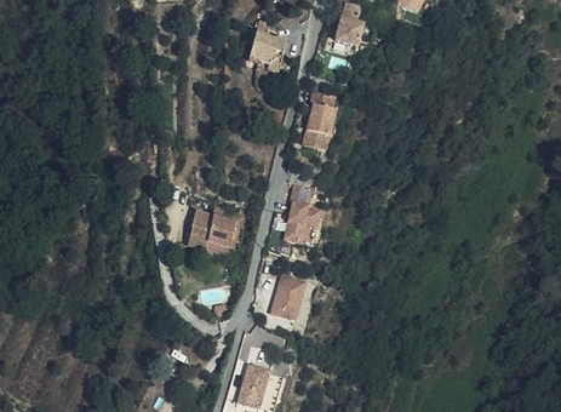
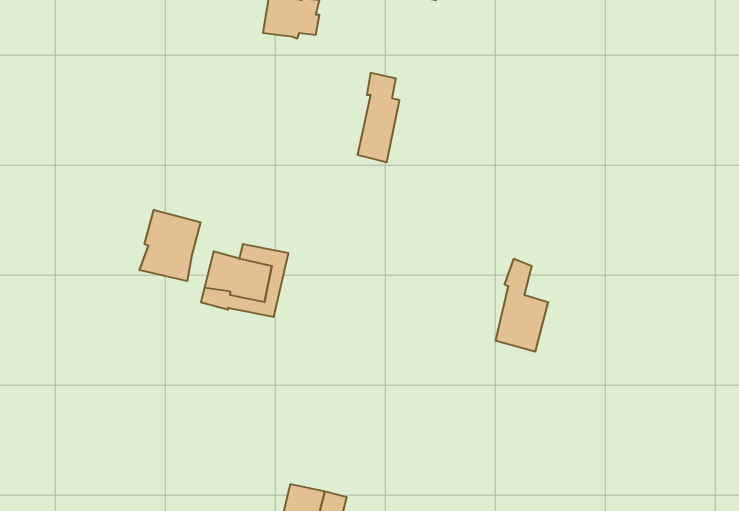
building: none -> [140,210,201,281]
building: [287,183,322,245] -> [495,259,548,352]
building: [274,275,309,319] -> none

